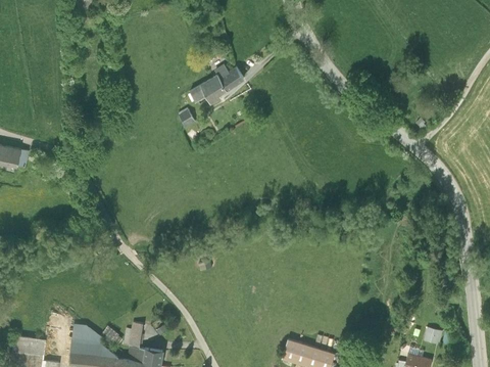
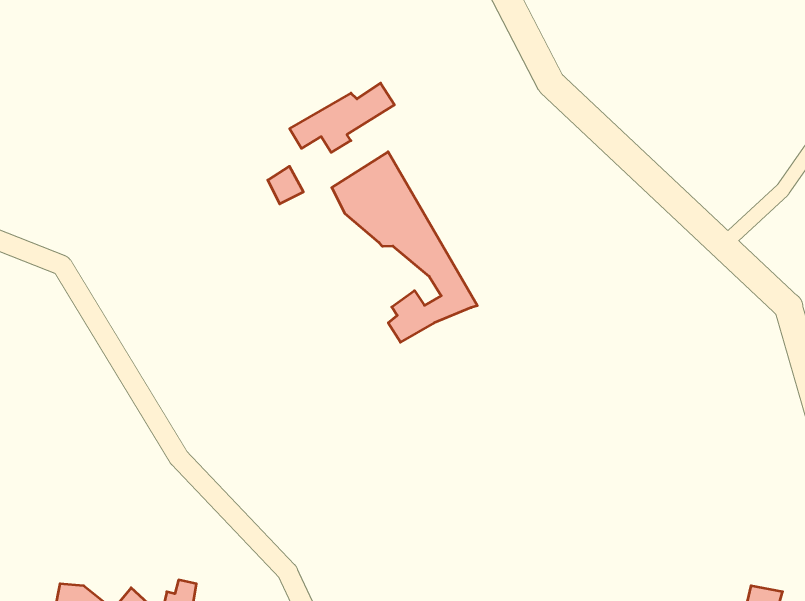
building: none -> [332,152,477,342]

